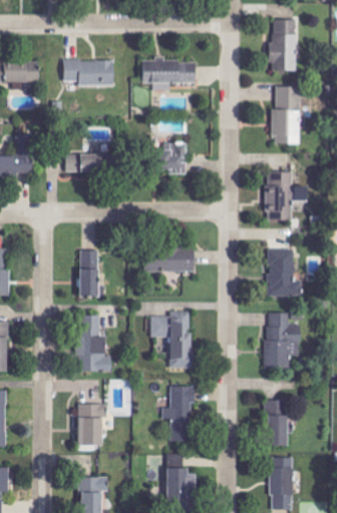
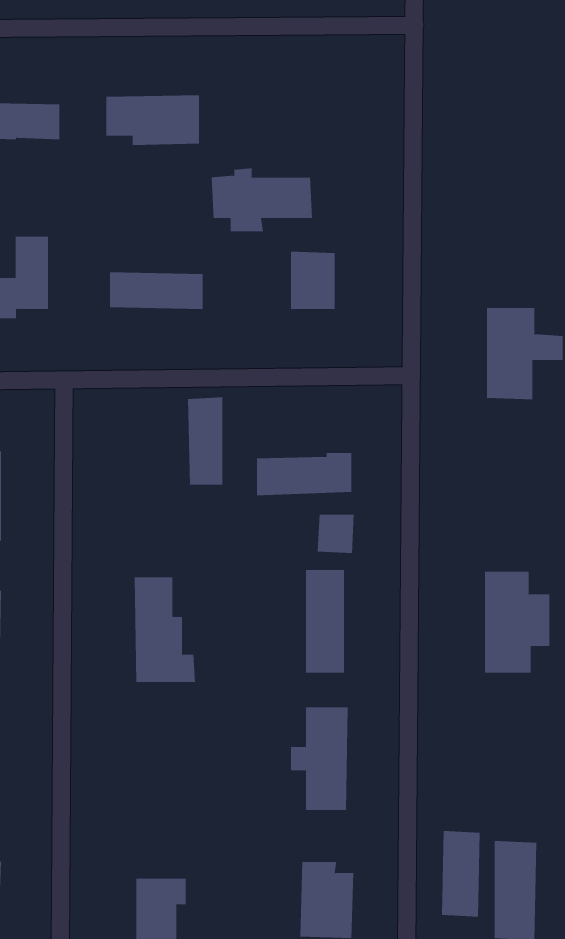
building: [270,20,296,71] -> none
building: [141,56,196,90] -> [211,168,313,232]
building: [273,87,300,145] -> none
building: [267,248,300,297] -> none
building: [79,250,98,298] -> [187,397,223,485]
building: [149,317,170,338] -> [317,514,355,554]
building: [267,399,288,445] -> [441,831,481,917]
building: [77,402,105,445] -> none

